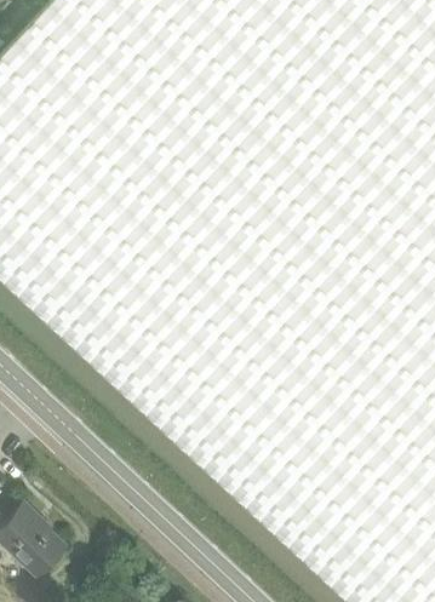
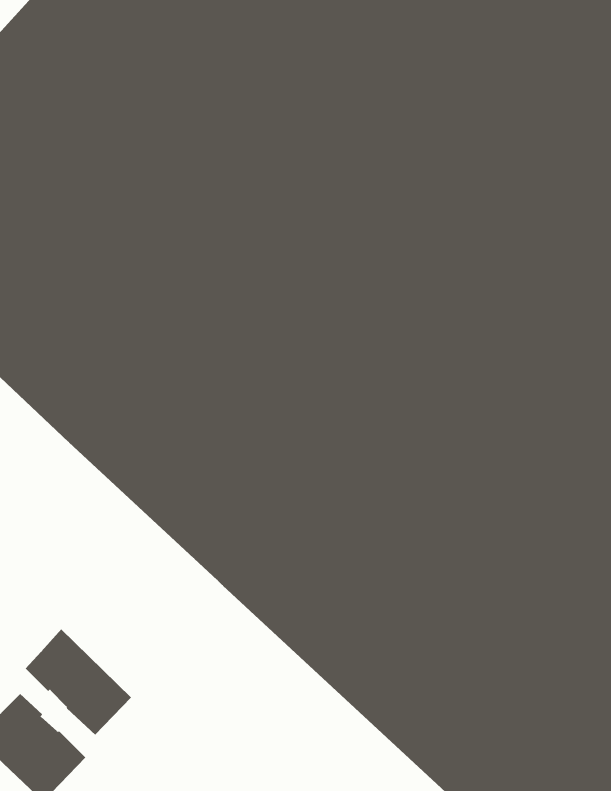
building: none -> [25,629,132,736]

